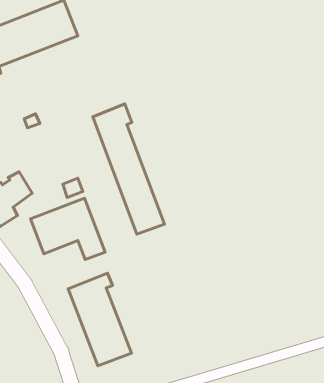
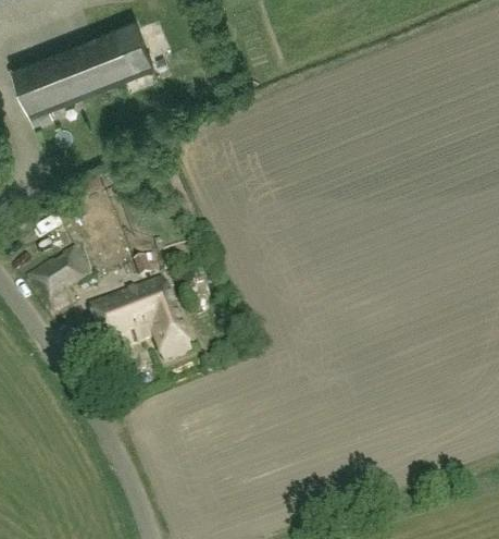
building: [93,104,165,234] -> none
building: [68,273,132,366] -> none

